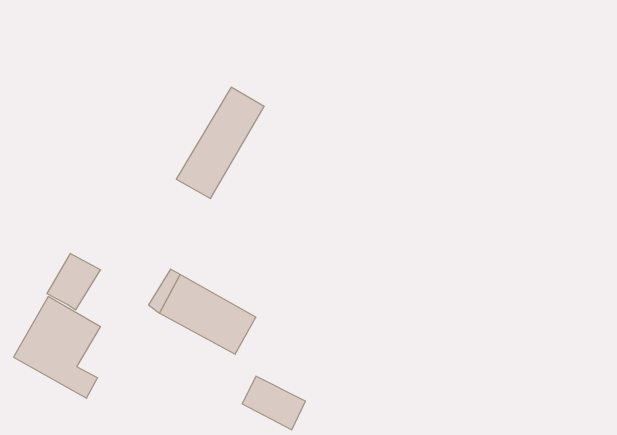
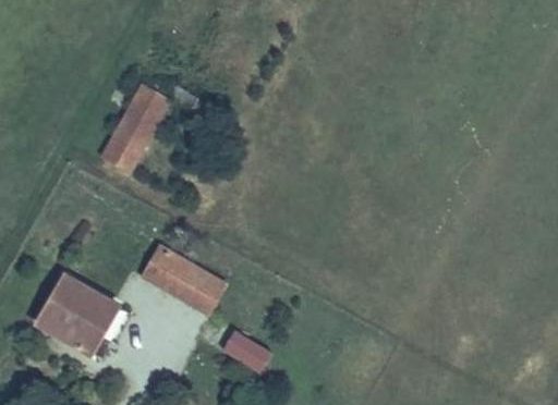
building: [176,87,264,199] -> [101,83,171,171]
building: [47,253,101,310] -> [85,293,128,338]

